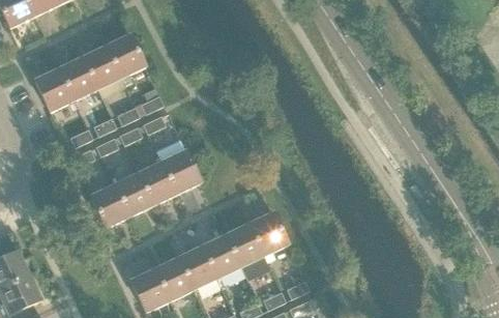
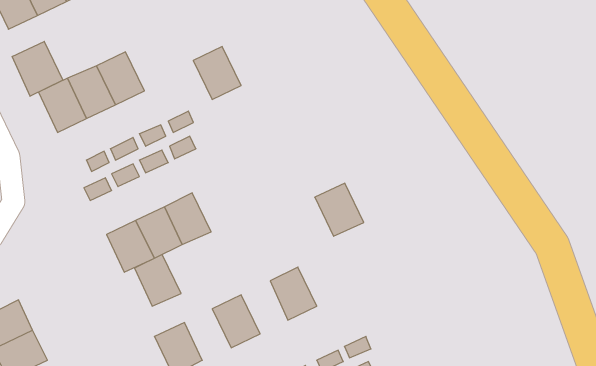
building: [106,34,145,78] -> [193,47,241,99]
building: none -> [12,41,63,96]
building: [160,150,200,194] -> none
building: [247,211,288,255] -> [315,183,364,236]
building: [201,234,239,278] -> none
building: [154,257,193,299] -> [135,254,181,306]

